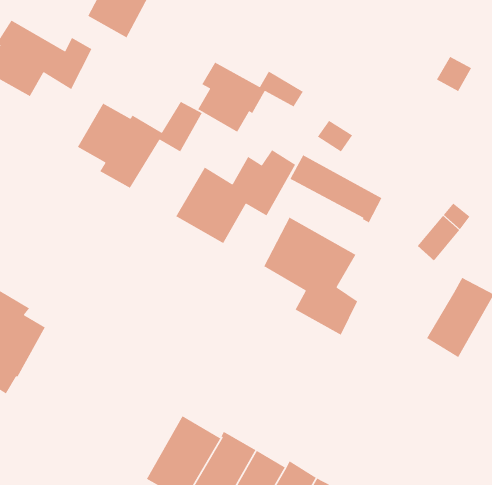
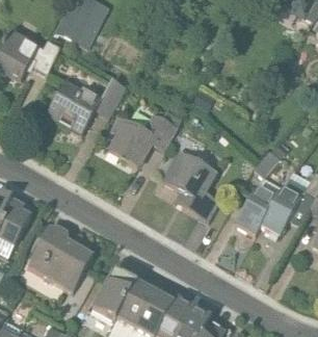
building: [197,62,304,133] -> none
building: [288,154,382,224] -> none
building: none -> [236,183,276,233]
building: none -> [28,226,94,289]

